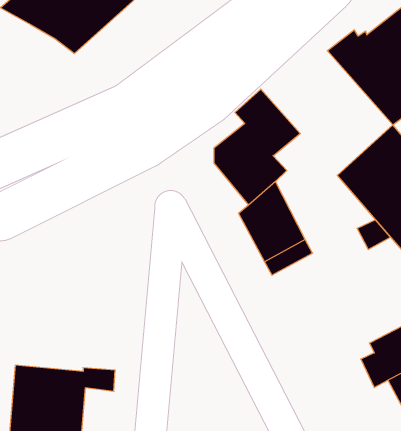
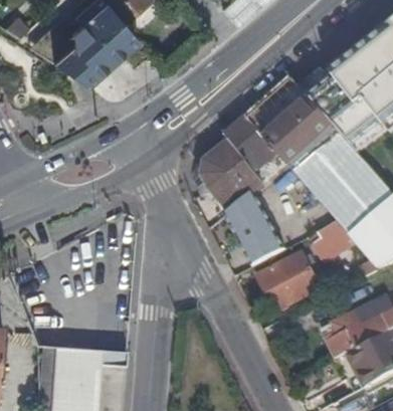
building: none -> [241,73,349,184]
building: none -> [255,248,324,311]

